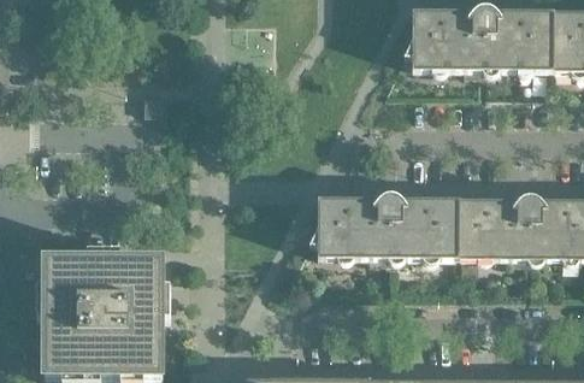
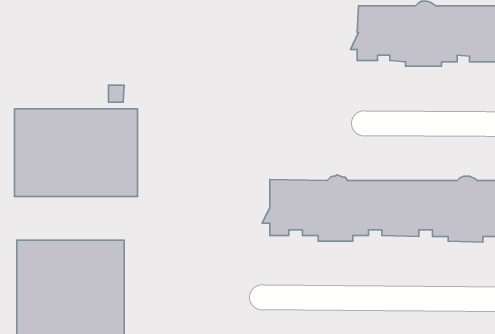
building: none -> [14,109,137,197]

